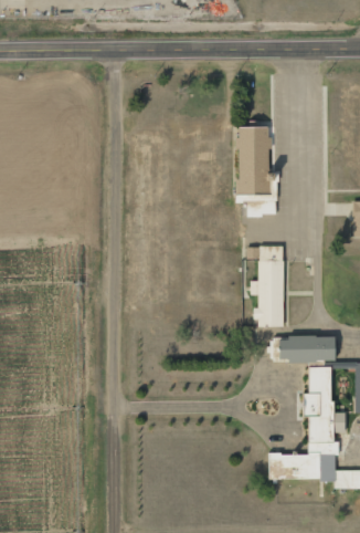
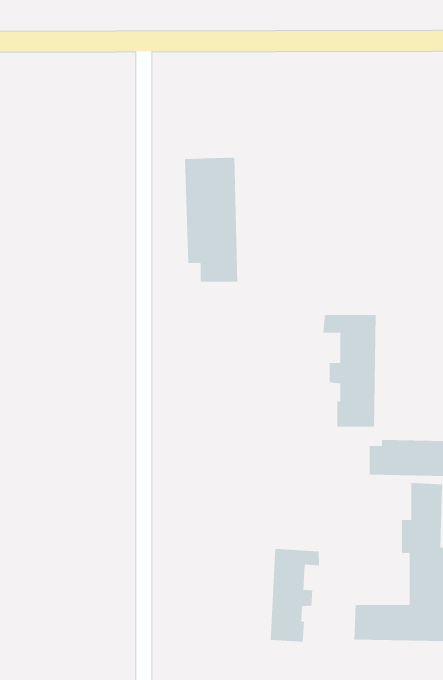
building: [236,125,275,215] -> [184,157,238,282]
building: none -> [270,548,320,642]

